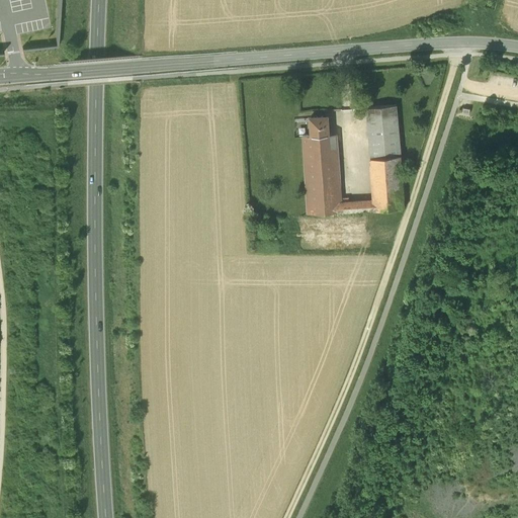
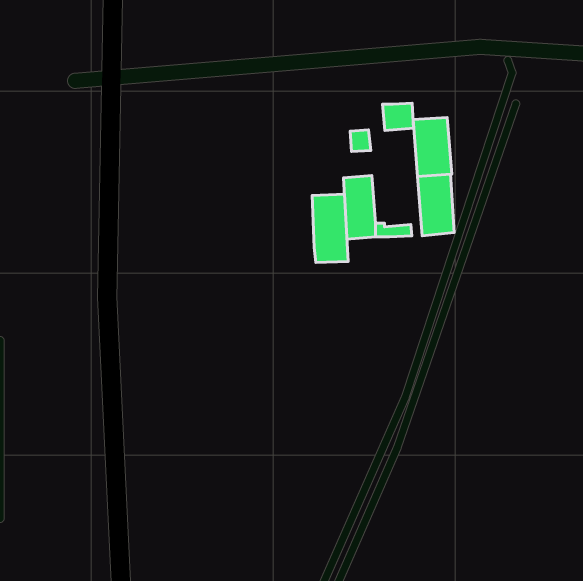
building: [303,134,330,158] -> [383,103,413,131]
building: none -> [312,194,348,262]

